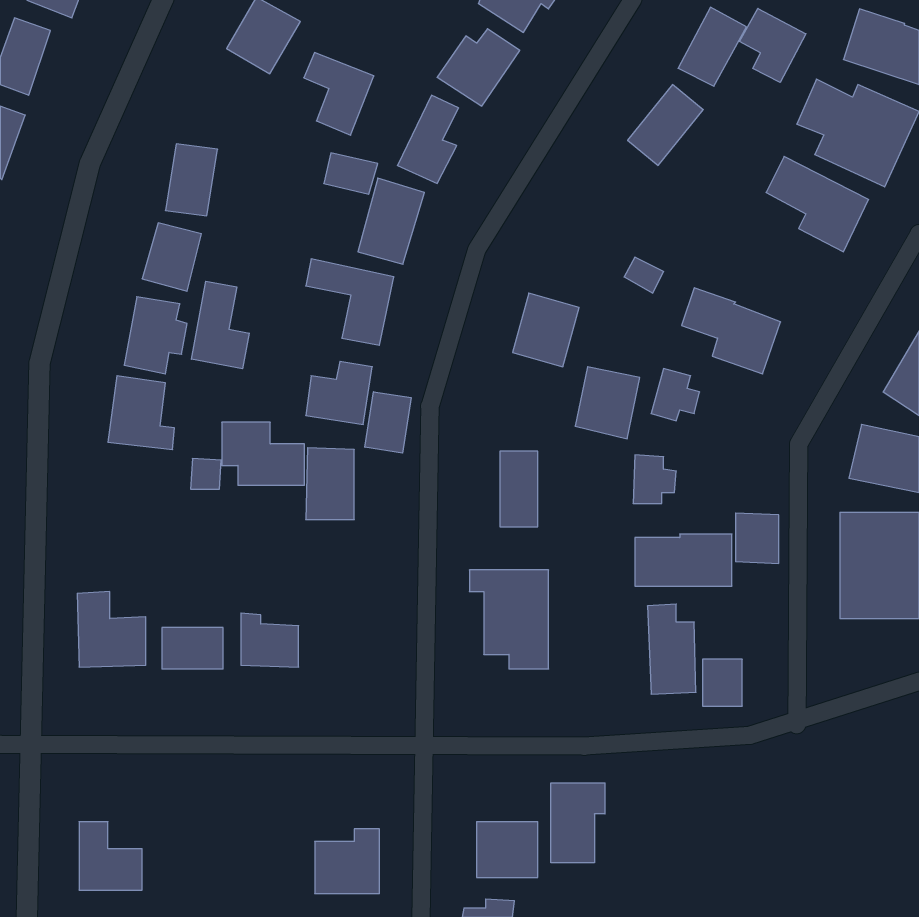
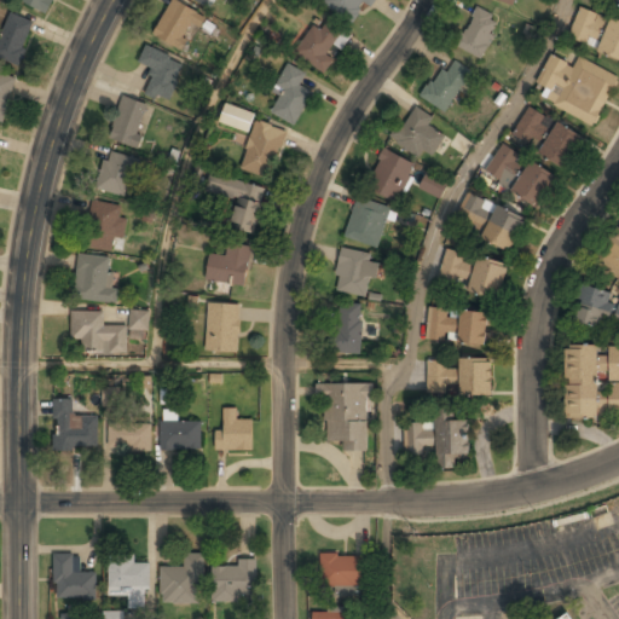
building: [740,8,806,82] -> none
building: [304,53,374,135] -> [138,46,185,102]
building: none -> [391,104,442,161]
building: none -> [364,146,415,202]
building: none -> [484,147,555,204]
building: [191,281,249,369] -> none
building: [575,367,640,439] -> [332,249,376,297]
building: none -> [467,256,508,300]
building: [365,392,411,453] -> none
building: [222,422,304,485] -> [70,311,126,353]
building: [736,513,779,563] -> [458,311,487,345]
building: none -> [215,406,251,447]
building: [703,659,742,706] -> [405,422,432,453]
building: [551,783,605,863] -> none
building: none -> [160,554,202,602]
building: none -> [108,555,149,606]

